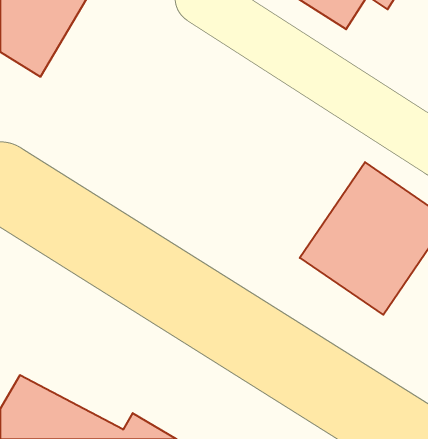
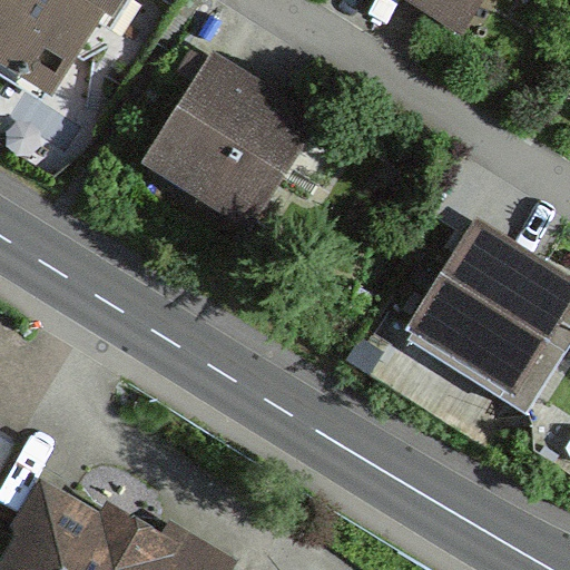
building: none -> [135,52,314,235]

